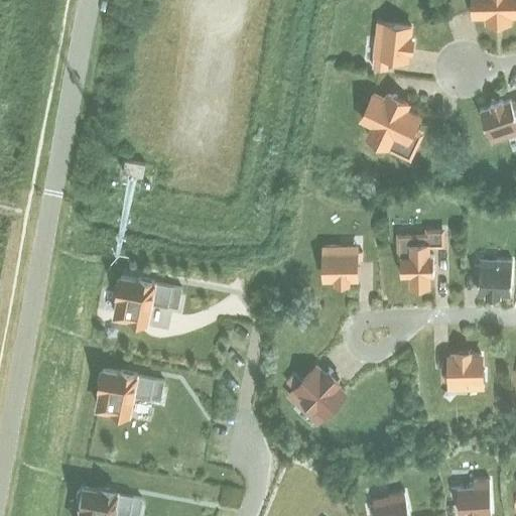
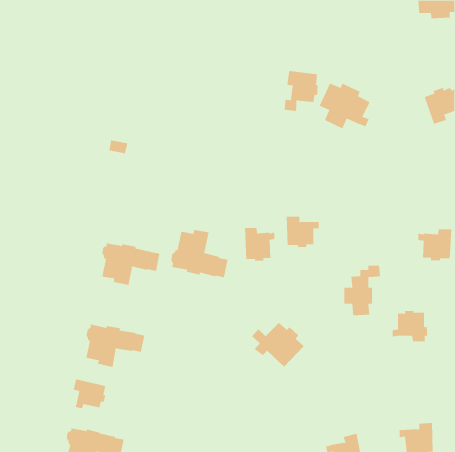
building: [372,25,411,72] -> [284,71,319,111]
building: [400,233,442,290] -> [343,265,381,316]
building: none -> [244,227,275,262]
building: none -> [171,229,228,278]
building: none -> [73,378,106,409]

